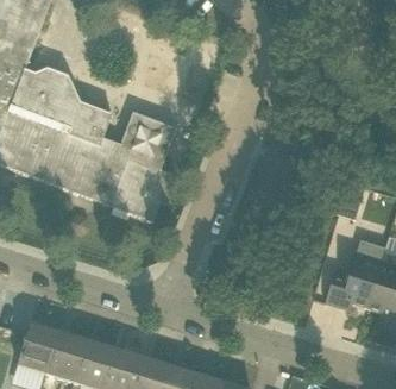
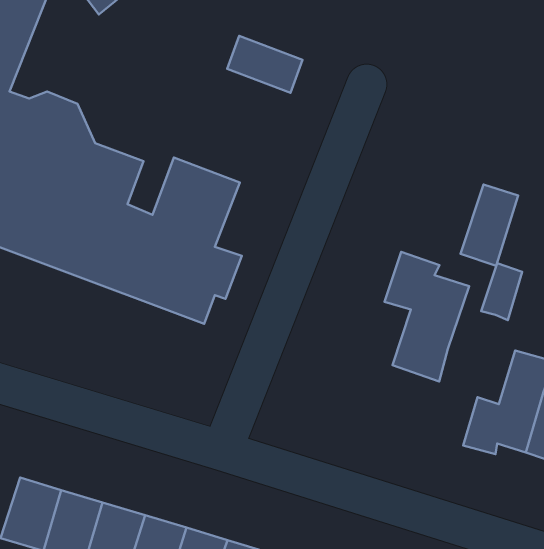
building: none -> [227,36,302,93]
building: none -> [461,185,518,266]
building: none -> [384,252,469,381]

